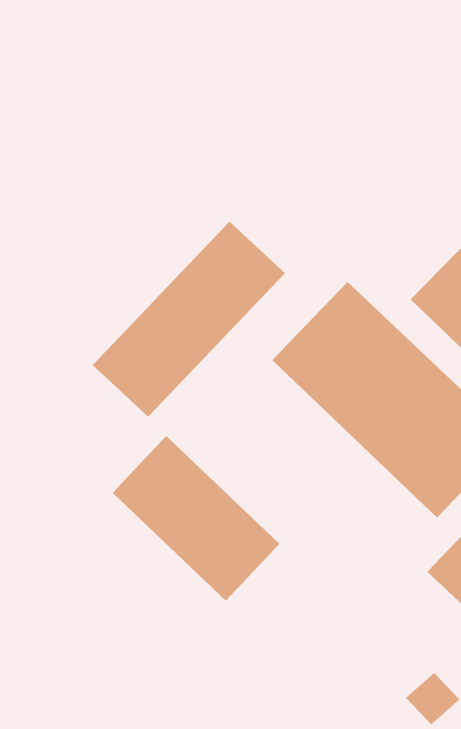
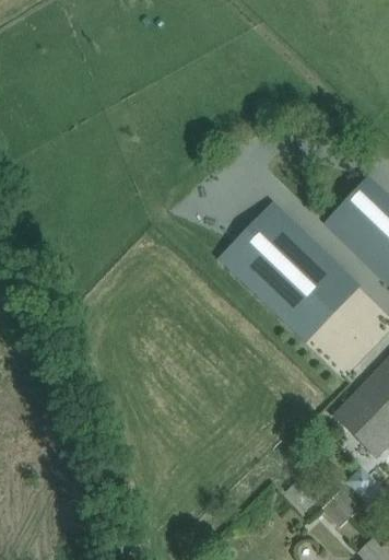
building: [92,221,286,417] -> none
building: [112,435,280,602] -> none

